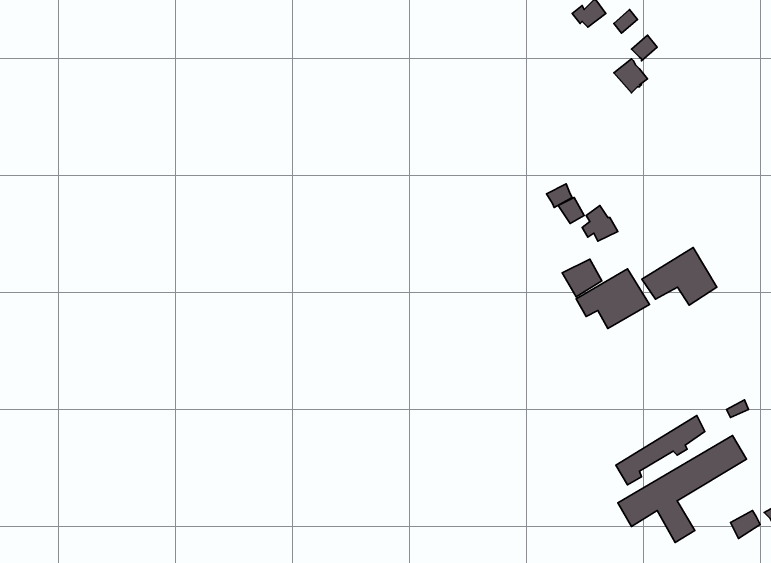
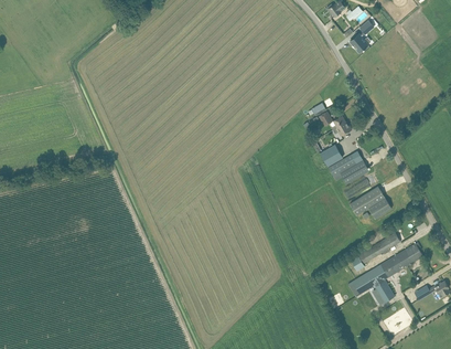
building: [642,248,717,305] -> [348,186,390,218]

